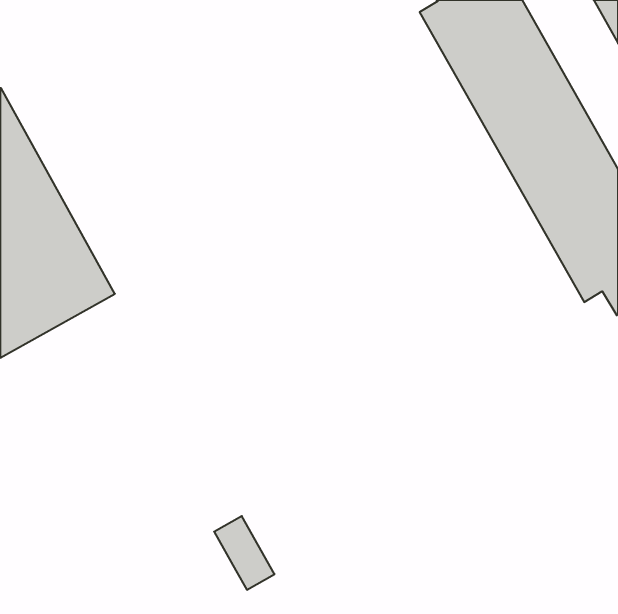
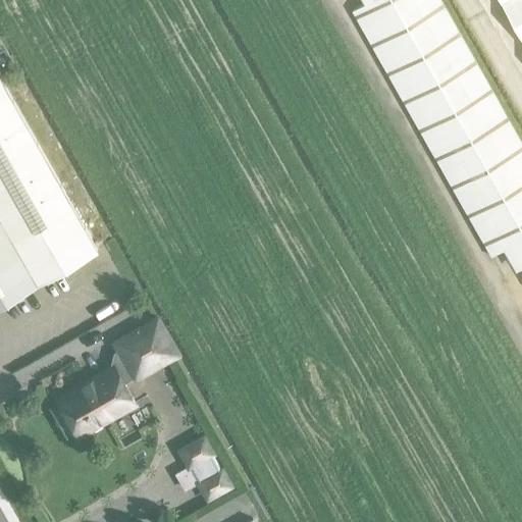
building: none -> [58,322,175,437]

